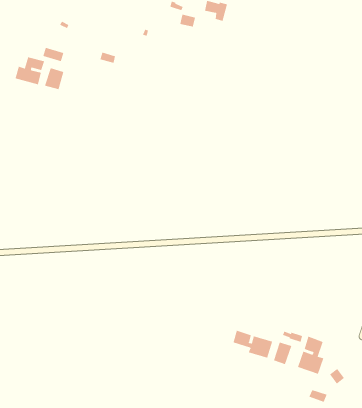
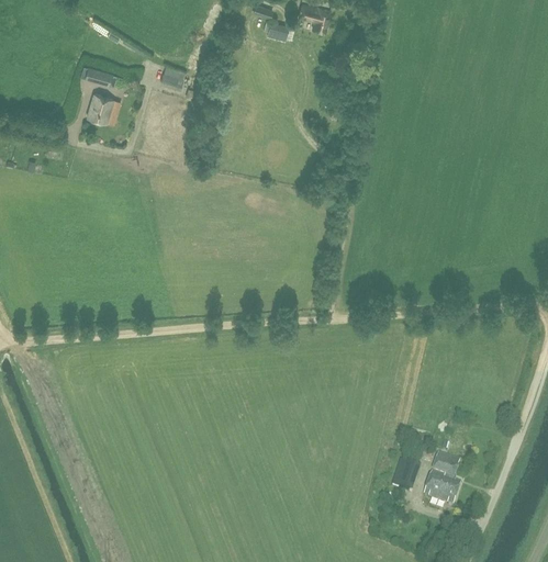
building: [15,56,45,85] -> none
building: [233,330,273,359] -> none

